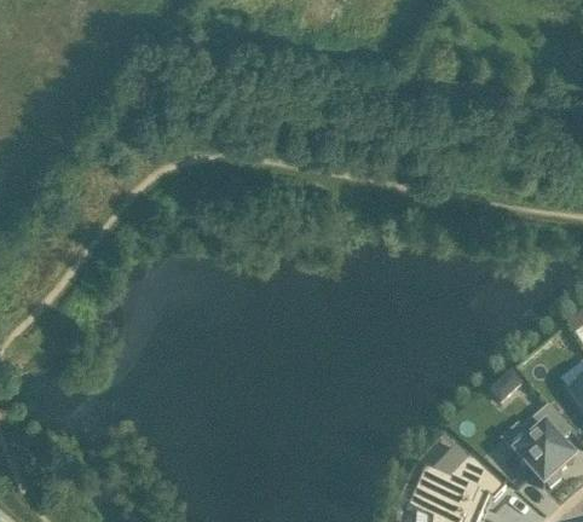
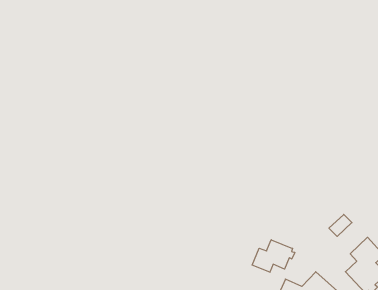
building: none -> [252,240,295,272]

